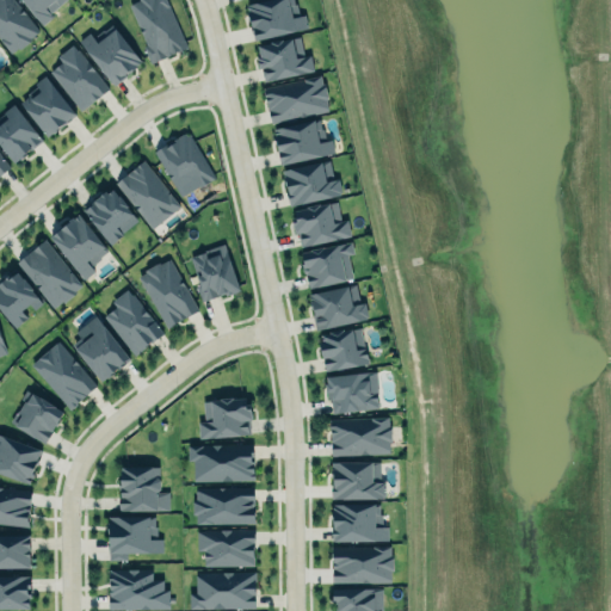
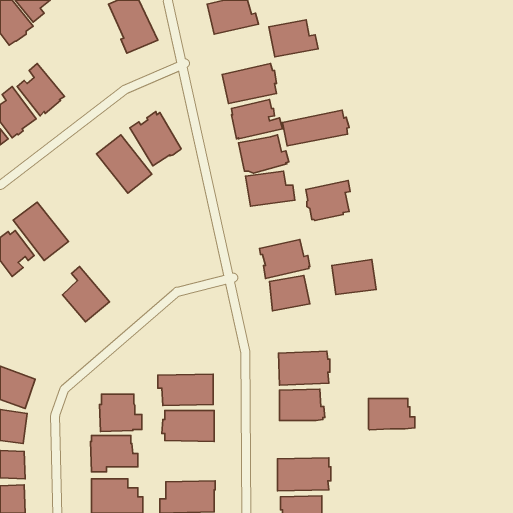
building: [80,25,143,87] -> none
building: [257,38,315,82] -> [269,20,318,57]
building: [51,47,110,112] -> none
building: none -> [282,110,349,146]
building: [84,191,138,246] -> none
building: [53,216,109,280] -> none
building: [303,242,356,290] -> [306,180,350,221]
building: [192,245,241,302] -> none
building: [137,259,200,331] -> none
building: [104,290,163,357] -> none
building: [31,342,98,411] -> none
building: [328,374,381,415] -> [332,259,376,295]
building: [11,390,64,445] -> none
building: [198,399,252,439] -> none
building: [334,506,389,543] -> [368,399,415,430]
building: [197,531,254,568] -> none

